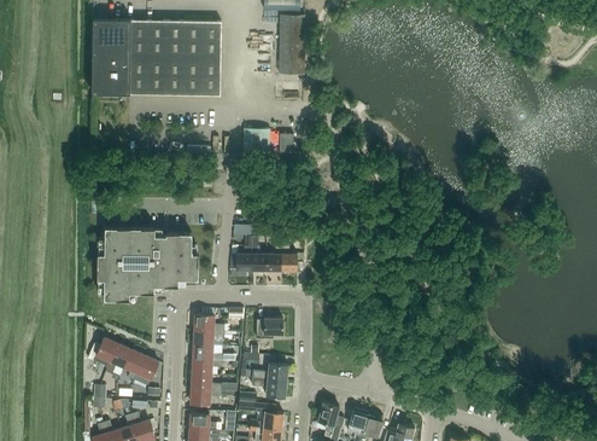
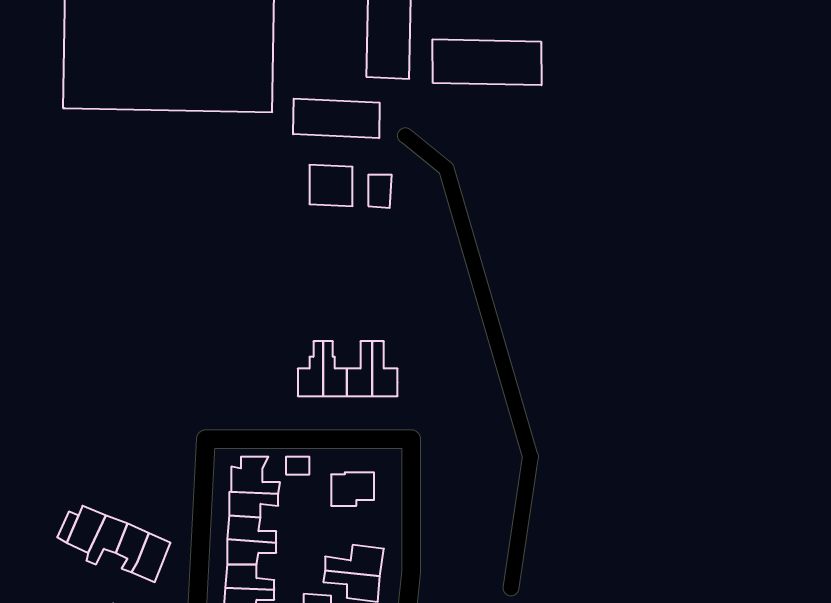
building: none -> [433,39,541,85]
building: none -> [293,99,380,138]
building: [98,228,199,301] -> none

